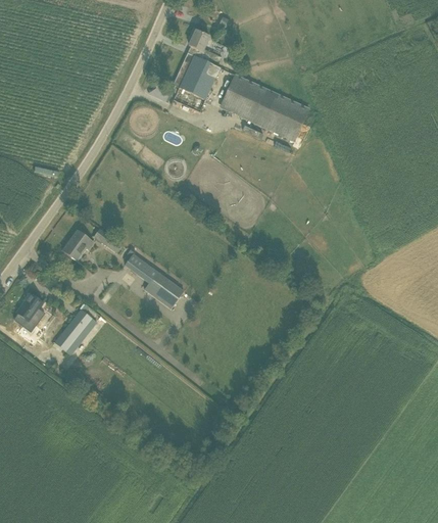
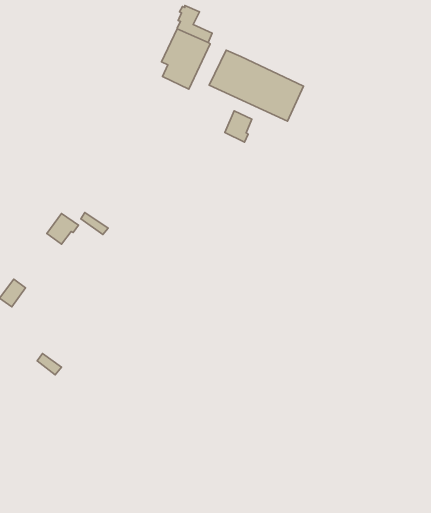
building: none -> [225,111,252,142]
building: [125,252,184,307] -> none
building: [55,308,97,353] -> none

